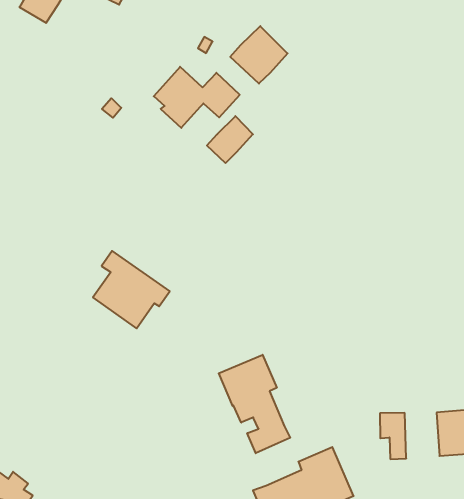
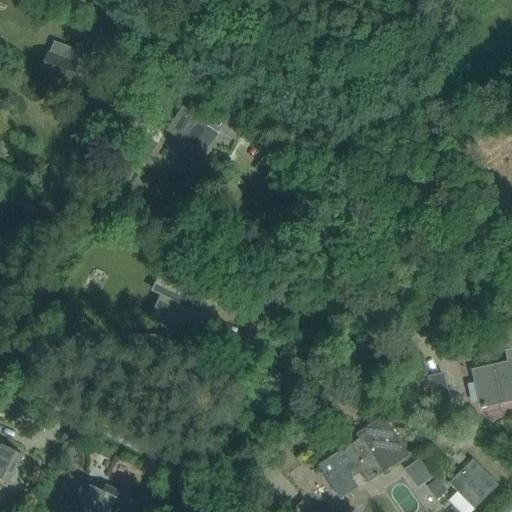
building: [230,26,288,84] -> none
building: [207,116,253,163] -> none
building: [219,355,290,453] -> none

